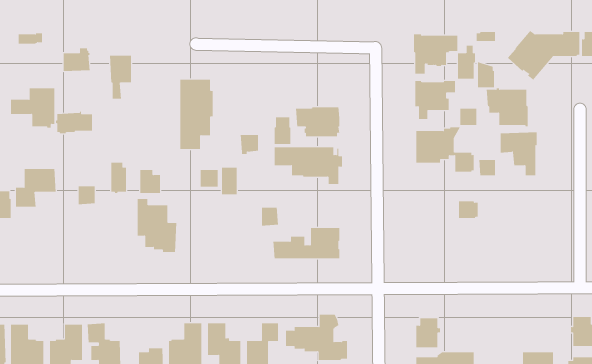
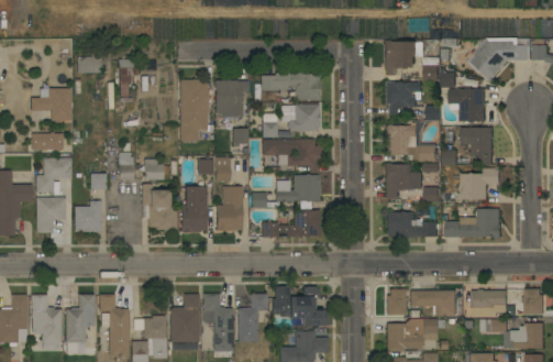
building: none -> [262,73,322,101]
building: none -> [215,80,250,117]
building: [55,111,93,134] -> [31,132,64,152]
building: none -> [385,164,422,198]
building: none -> [461,167,500,200]
building: none -> [276,174,321,210]
building: none -> [180,187,208,232]
building: none -> [217,187,244,231]
building: none -> [36,197,67,233]
building: none -> [75,200,102,232]
building: none -> [445,209,501,238]
building: none -> [387,212,439,238]
building: none -> [472,289,508,315]
building: none -> [410,290,456,316]

